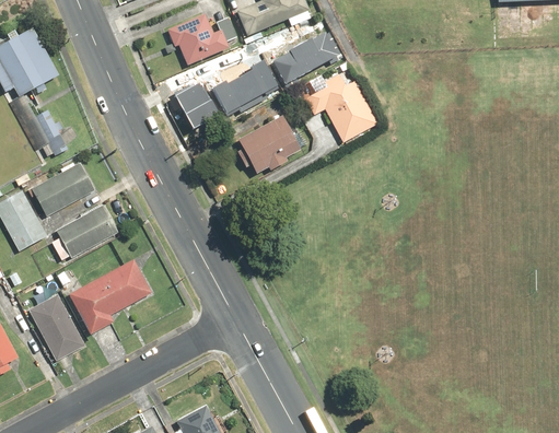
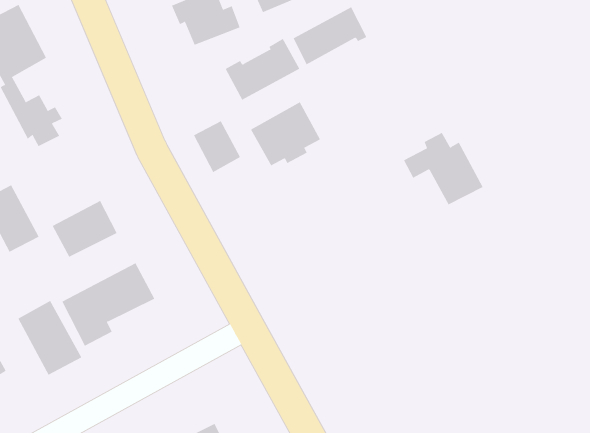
building: [303,74,375,140] -> [403,132,484,205]
building: [176,81,219,128] -> [193,121,241,173]
building: [30,164,93,215] -> none

